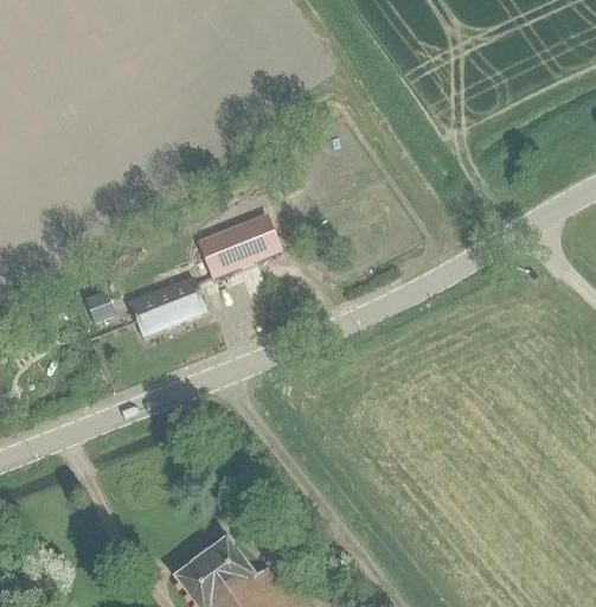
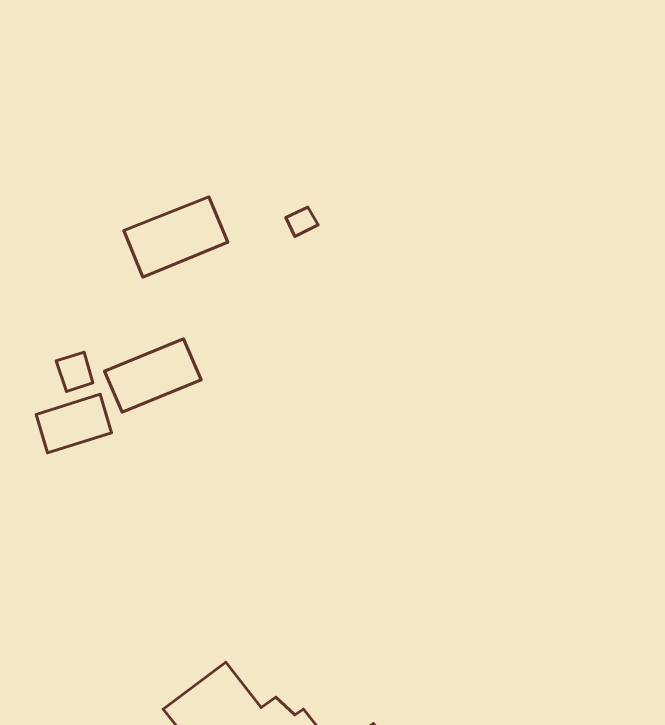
building: [196,212,280,277] -> [124,197,228,277]
building: none -> [36,394,111,453]

